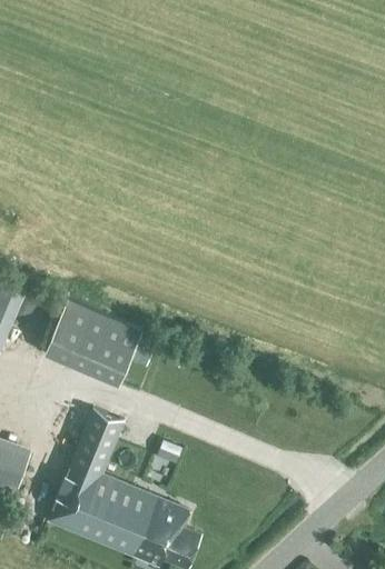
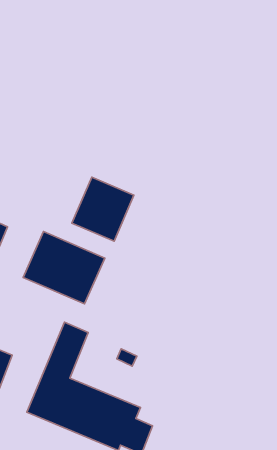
building: none -> [72,177,134,241]

